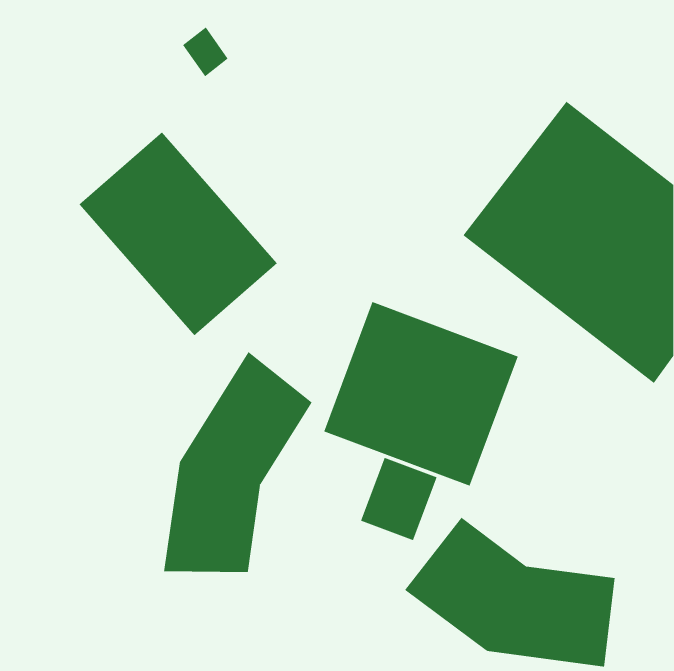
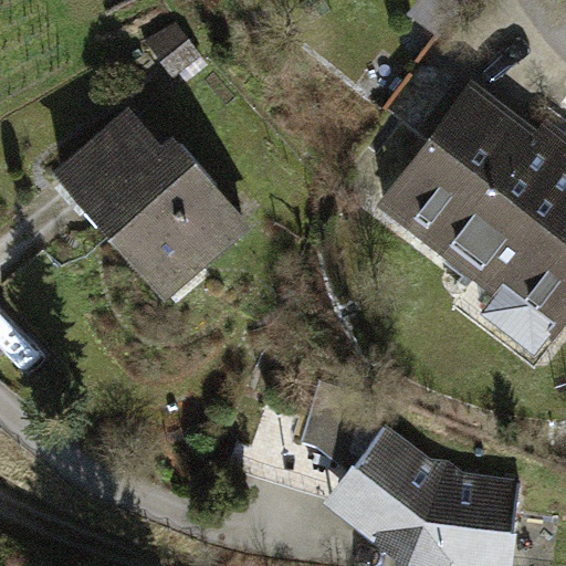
building: [323,301,518,487] -> none
building: [163,351,312,573] -> none

